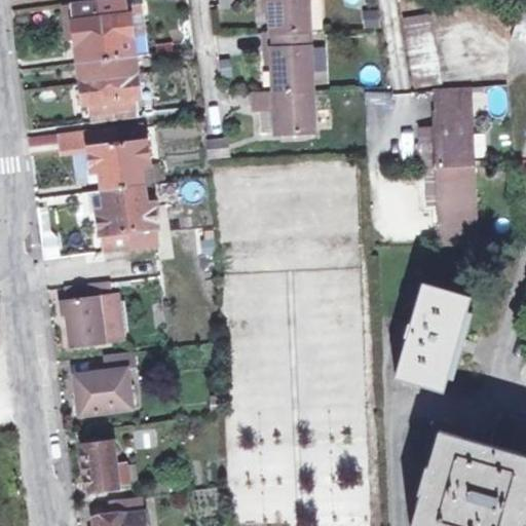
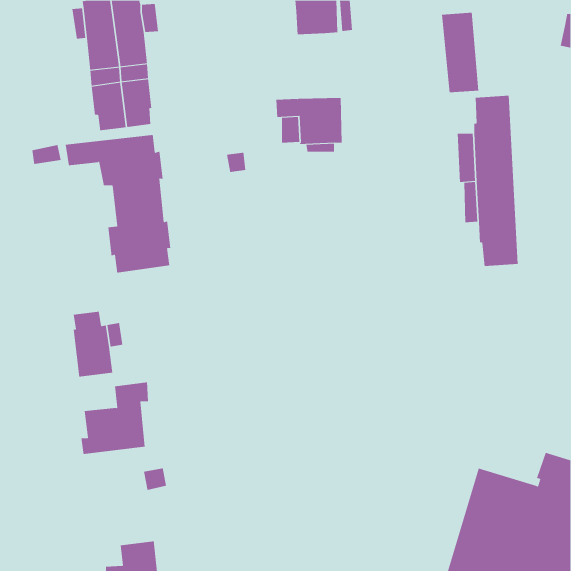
building: [265,32,313,91] -> none
building: [394,285,471,392] -> none
building: [85,439,117,493] -> none

